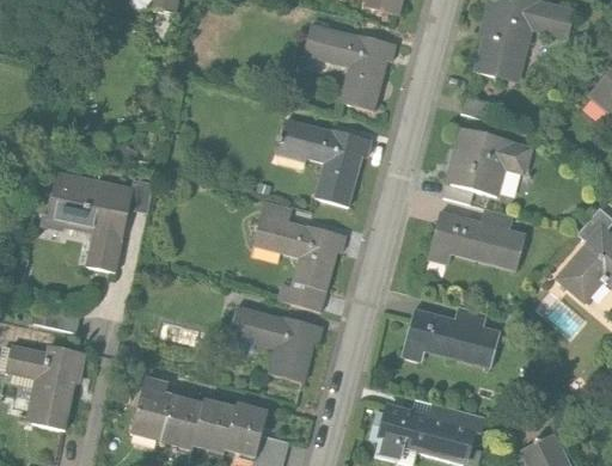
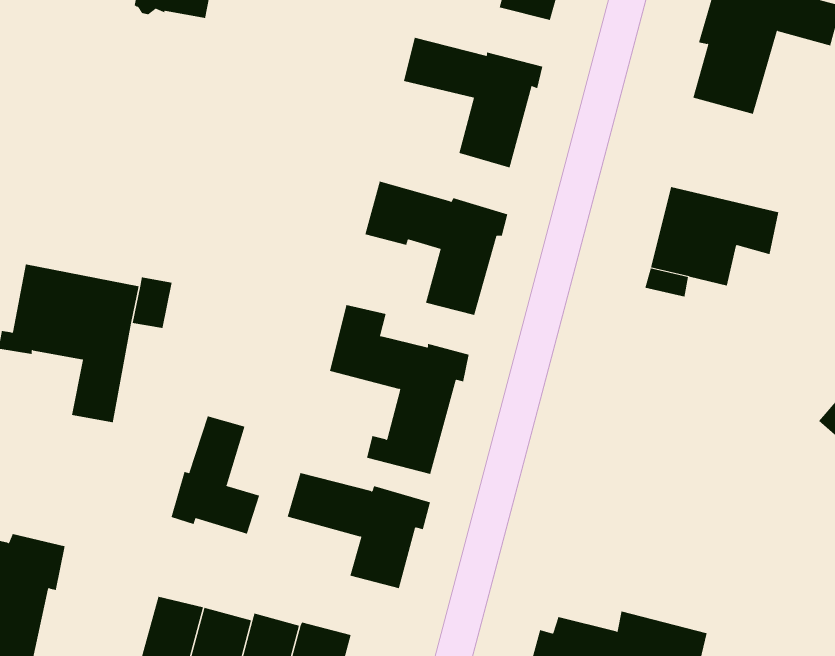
building: [442,202,539,264] -> none
building: none -> [171,415,260,535]
building: [416,300,513,364] -> none

